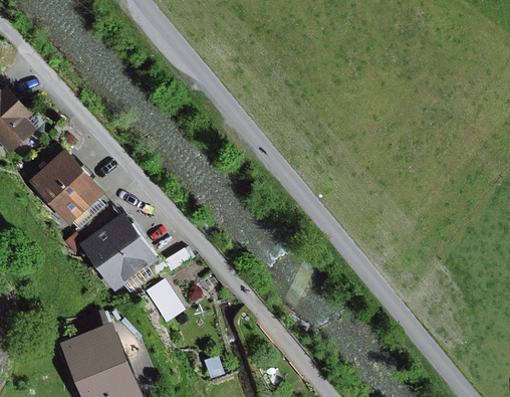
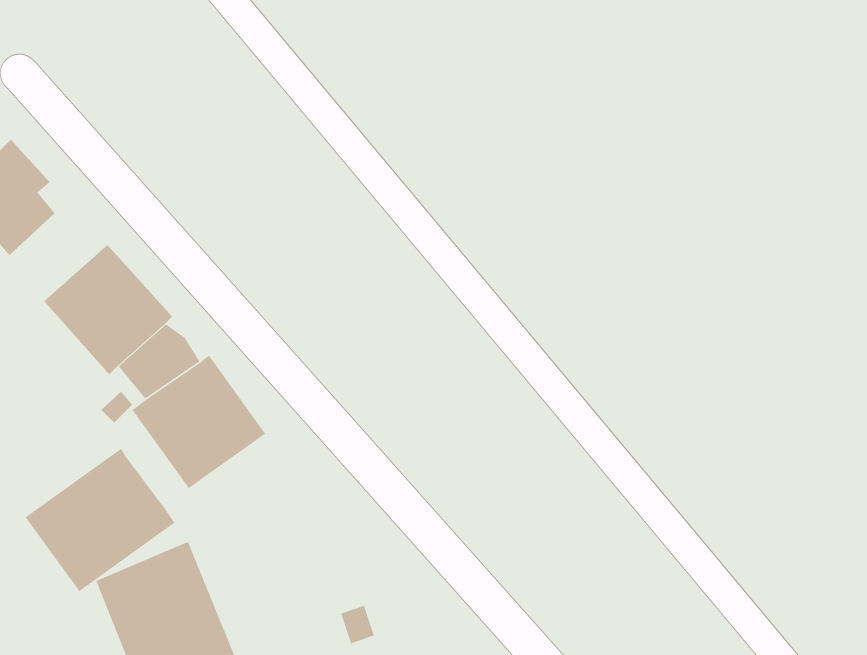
building: none -> [25,448,176,592]
building: [144,280,184,323] -> none

